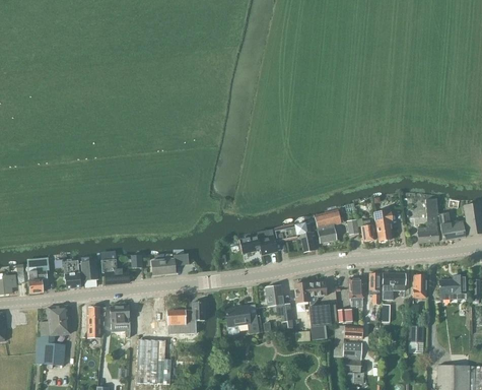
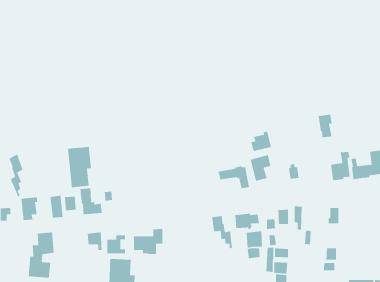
building: none -> [250,131,272,152]
building: none -> [67,146,92,188]
building: none -> [8,153,23,197]
building: [374,209,393,240] -> [318,114,332,138]
building: [240,236,277,255] -> none
building: [151,254,189,274] -> none
building: [384,273,406,299] -> none
building: [439,274,468,294] -> none
building: [225,305,260,334] -> none
building: [88,307,107,337] -> none

